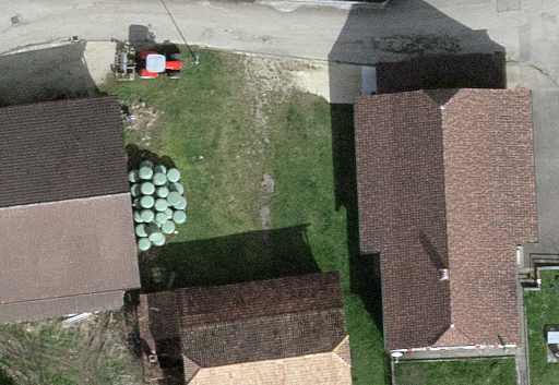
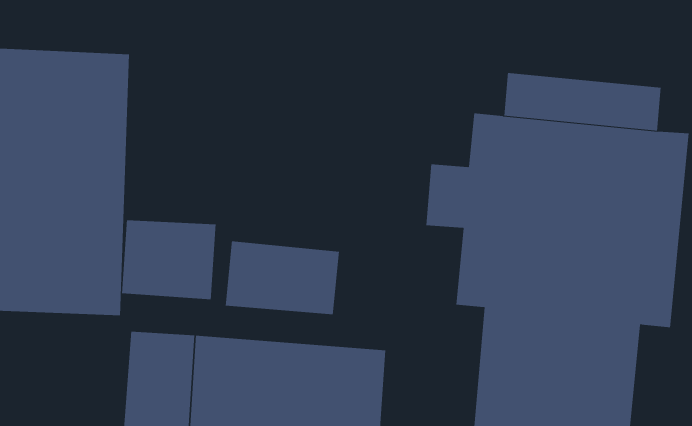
building: none -> [121,219,216,300]
building: none -> [225,241,339,315]

